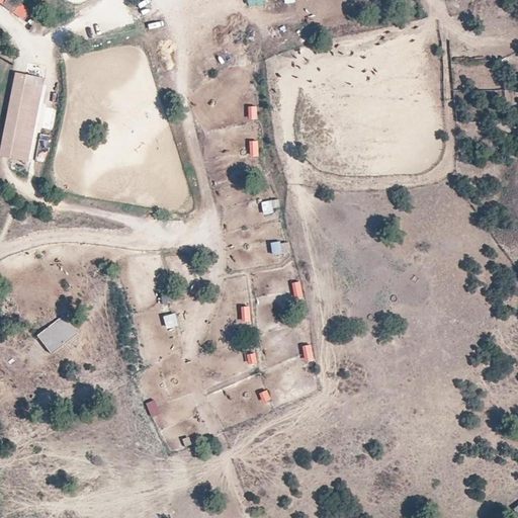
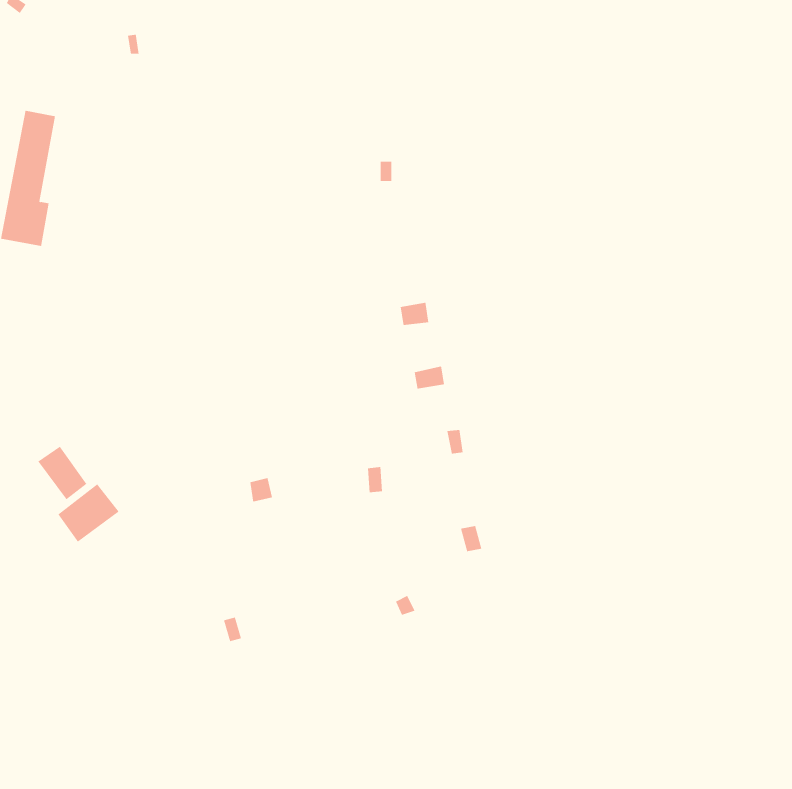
building: none -> [38,446,87,500]

